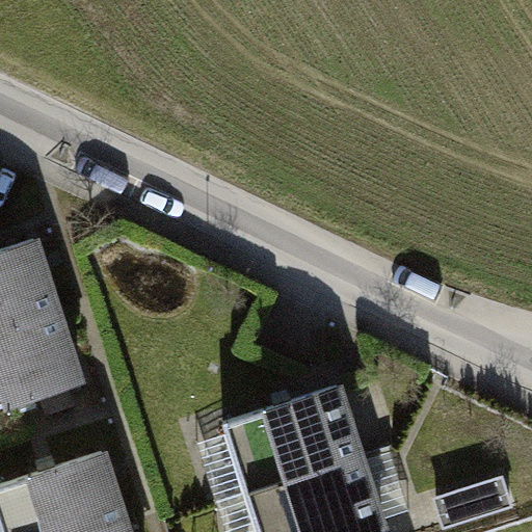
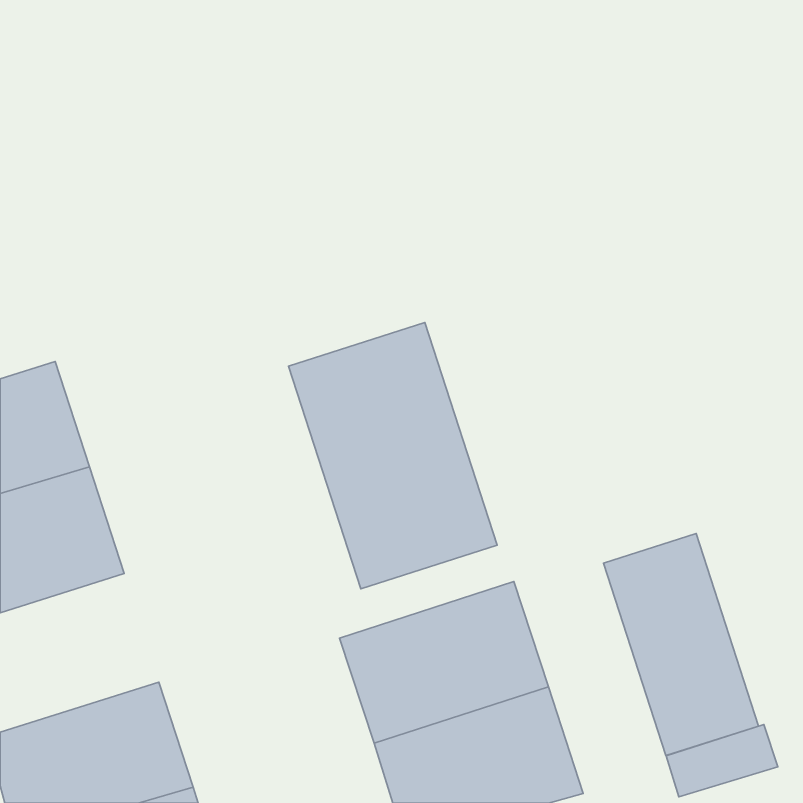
building: none -> [289,323,497,589]
building: none -> [604,534,759,756]

